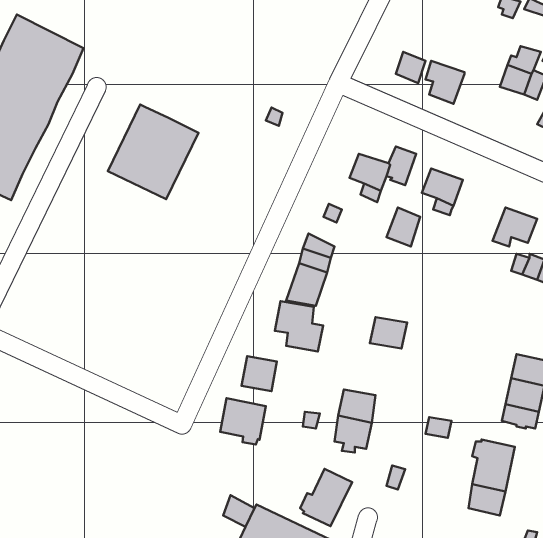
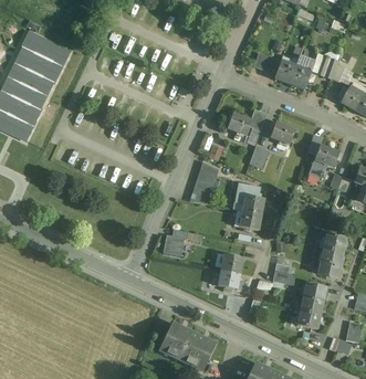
building: none -> [289,56,314,90]
building: [108,105,199,199] -> none
building: [275,301,323,351] -> [236,185,264,214]
building: [220,398,266,444] -> none
building: [300,469,352,526] -> none

